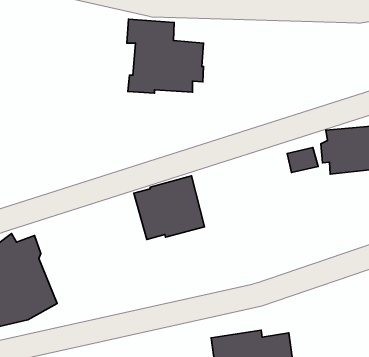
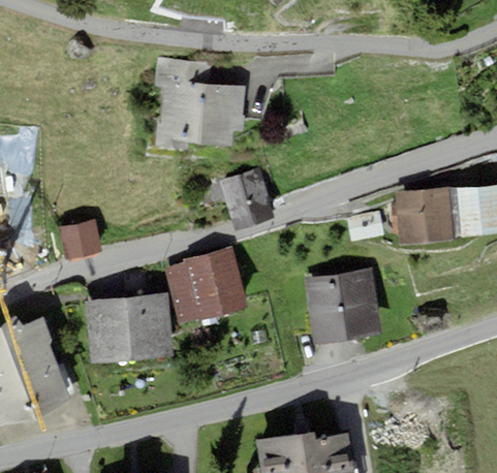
building: none -> [219,168,274,228]
building: none -> [57,221,102,261]
building: none -> [304,269,382,345]
building: none -> [84,295,172,364]

